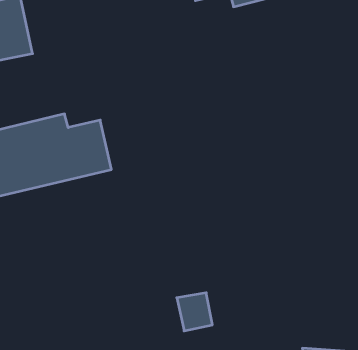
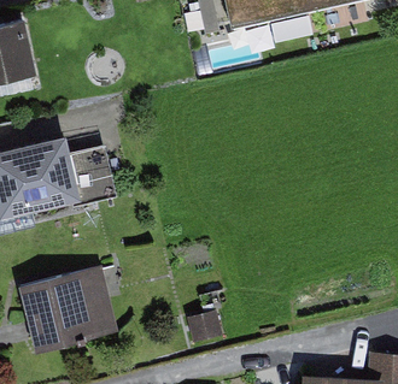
building: none -> [21,260,116,343]

